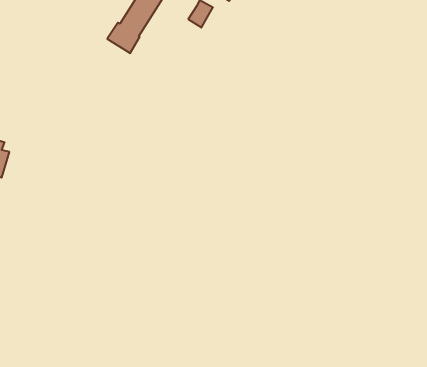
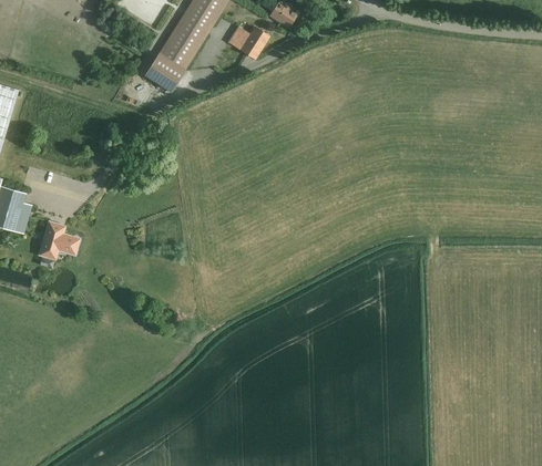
building: none -> [38,220,78,257]

